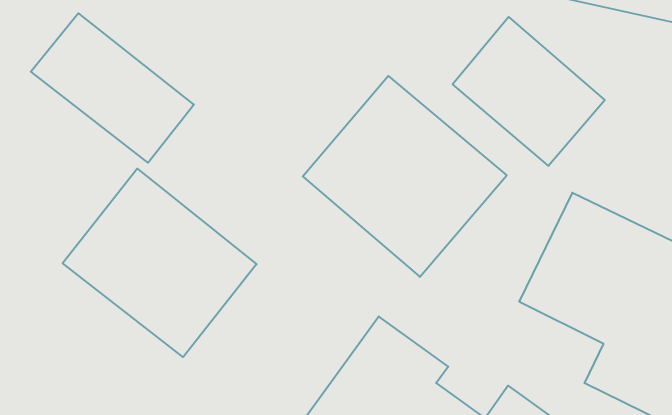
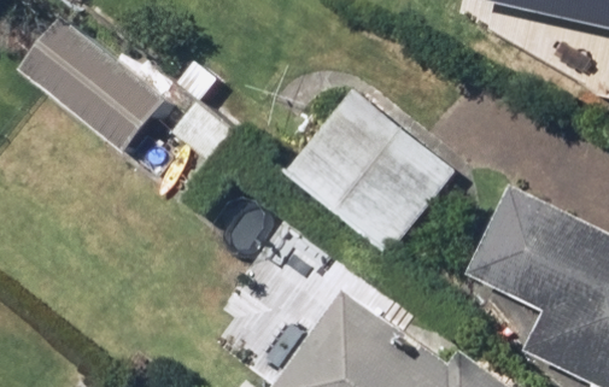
building: [453,17,605,166] -> none
building: [63,169,257,357] -> none

